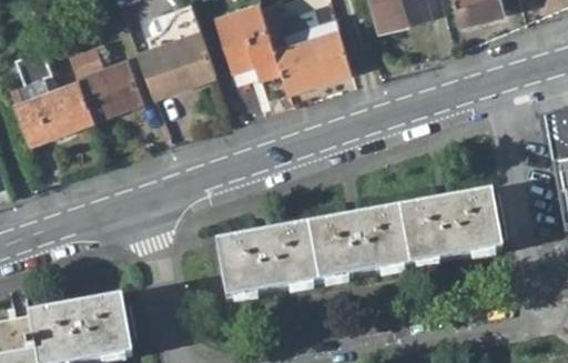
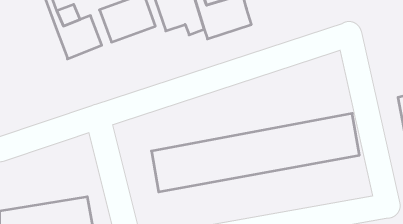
building: [14,46,97,137] -> none

